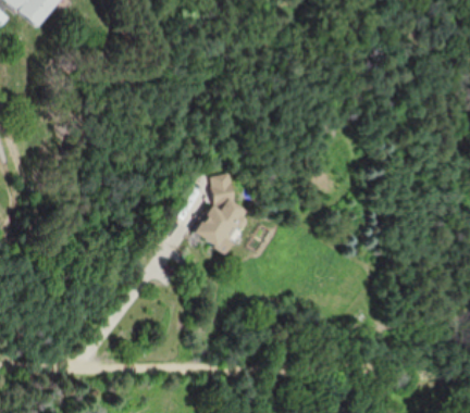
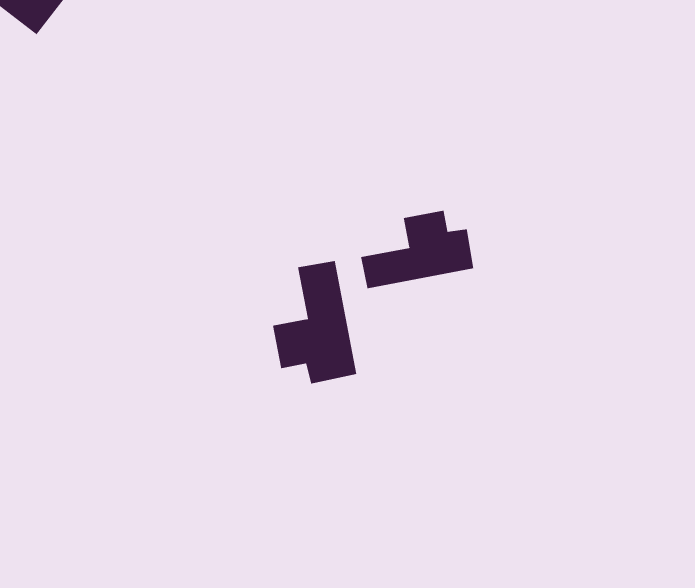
building: none -> [360,210,474,289]

